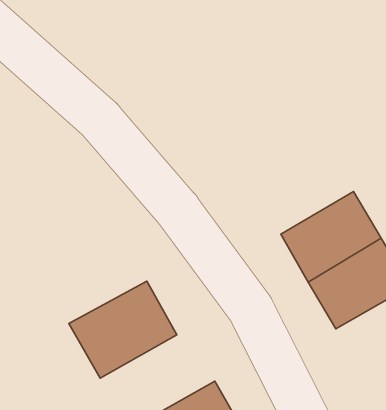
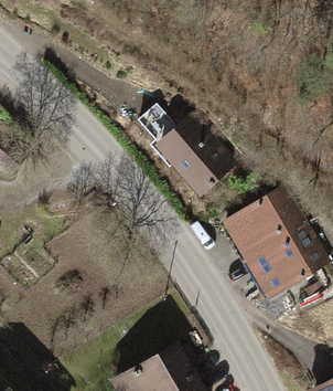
building: none -> [146,107,239,193]
building: [69,281,177,378] -> none

